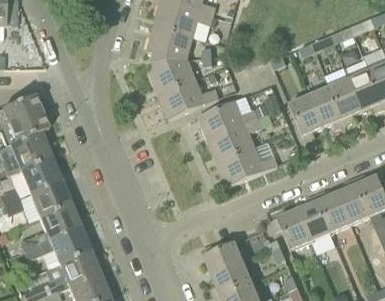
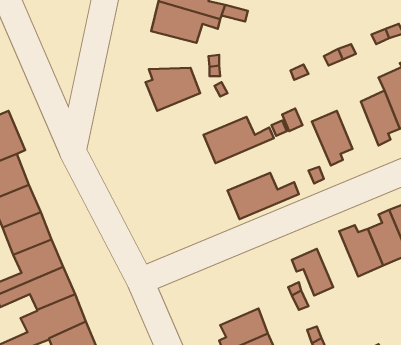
building: [147,28,192,60] -> none
building: [159,80,219,119] -> none
building: [310,87,345,128] -> none
building: [208,118,261,162] -> none
building: [293,196,328,243] -> none
building: [201,241,244,275] -> none

